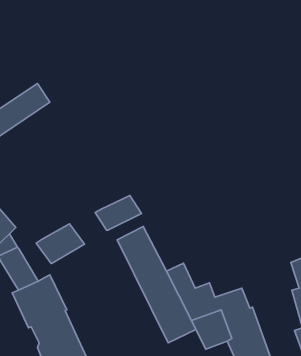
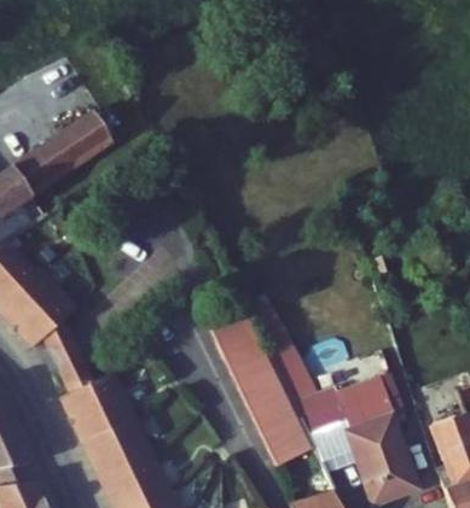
building: [95,196,141,230] -> none
building: [36,224,84,264] -> none

